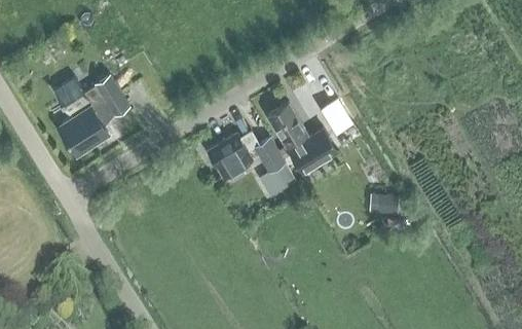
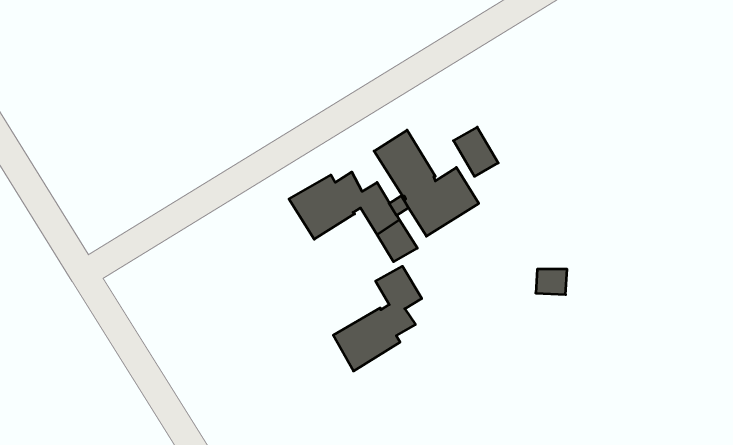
building: [53,76,129,155] -> none
building: none -> [333,266,422,371]

